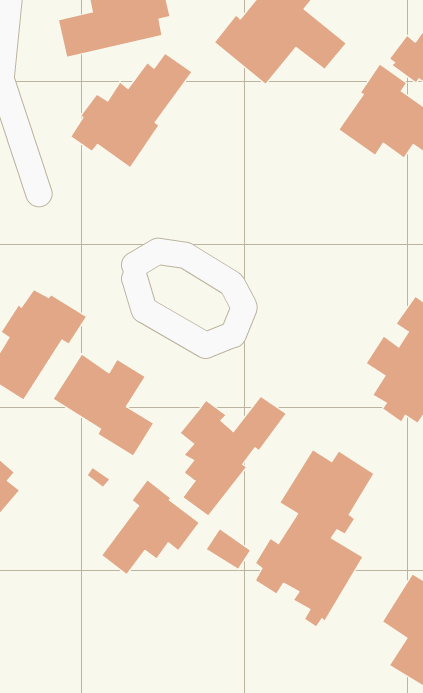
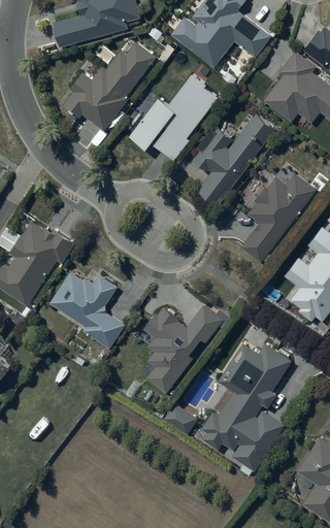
building: none -> [128,72,218,161]
building: none -> [193,113,276,207]
building: none -> [241,174,316,263]
building: [101,480,199,575] -> none

